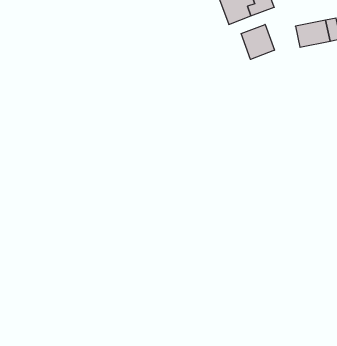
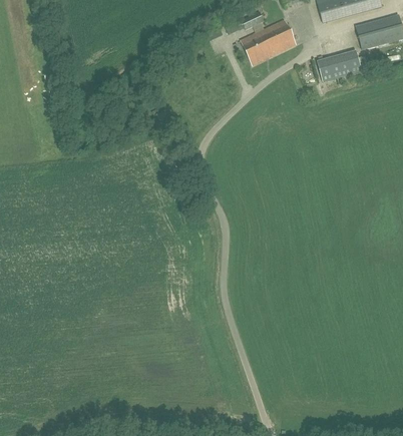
building: [241,24,274,59] -> none

